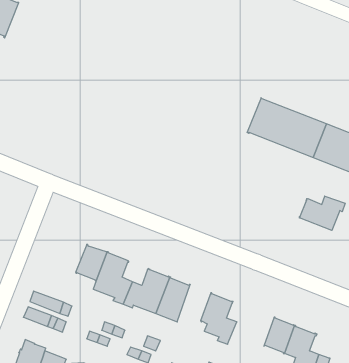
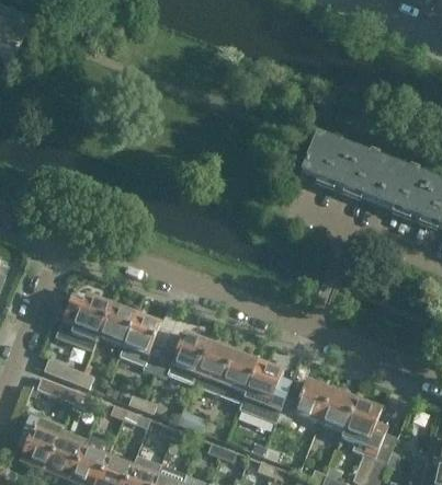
building: [299,196,345,230] -> none
building: none -> [68,292,111,343]
building: none -> [217,349,257,402]
building: none -> [276,378,331,424]

